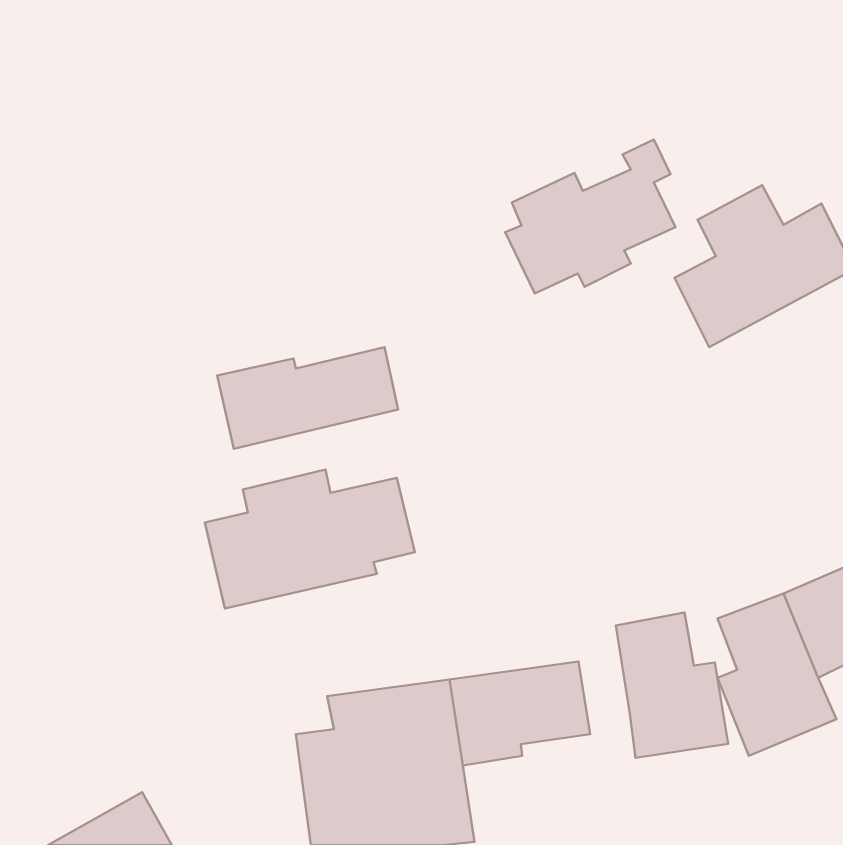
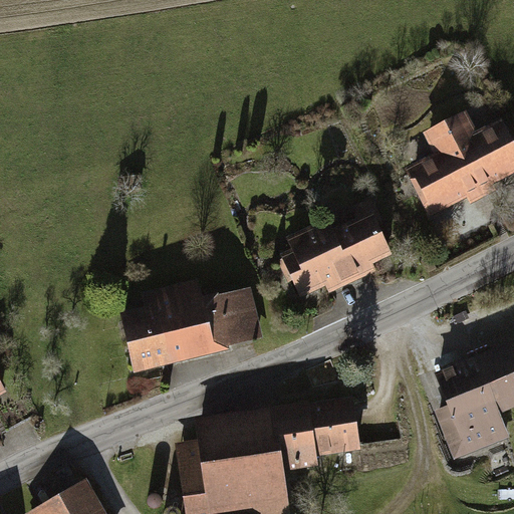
building: [505,140,675,293] -> [283,199,387,292]
building: [217,347,398,449] -> none
building: [616,612,728,758] -> none

